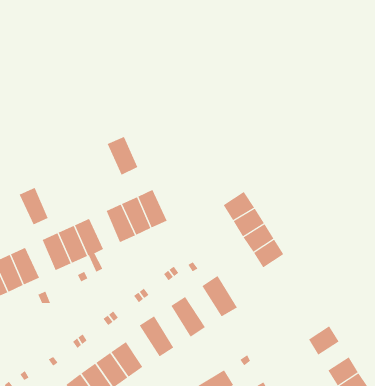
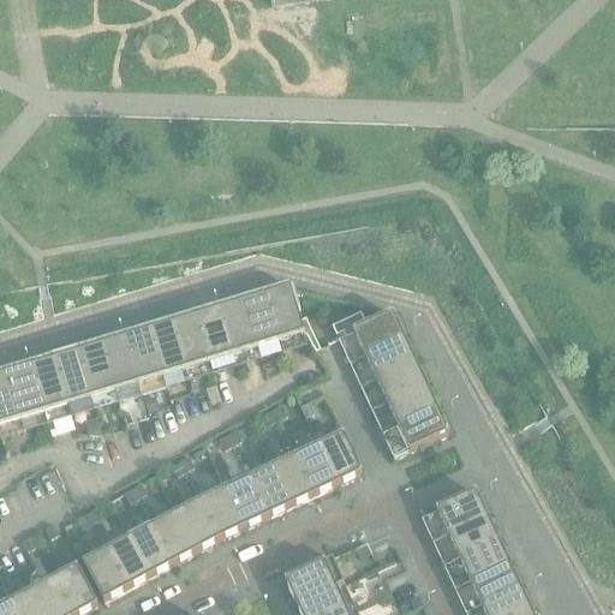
building: [107,136,138,175] -> [255,285,294,339]
building: [19,187,48,225] -> [66,342,103,395]
building: none -> [161,314,198,366]
building: none -> [394,406,438,447]
building: none -> [281,436,327,494]
building: none -> [234,458,280,517]
building: none -> [432,489,477,530]
building: none -> [186,479,233,538]
building: none -> [455,538,498,577]

